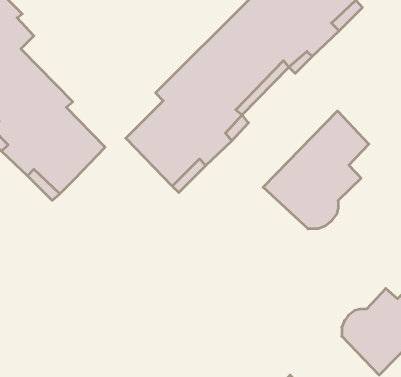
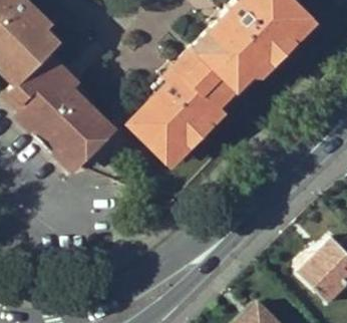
building: [263,111,369,229] -> none

